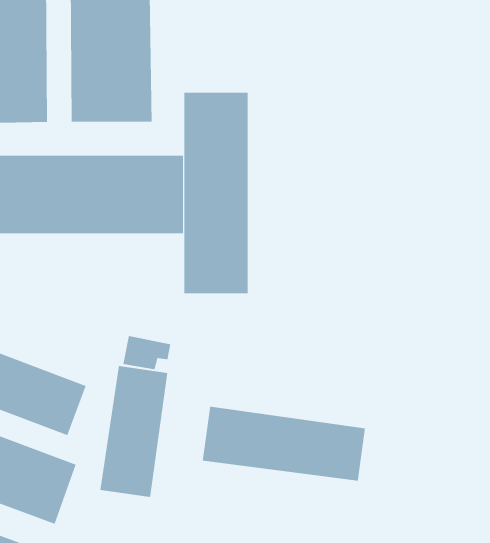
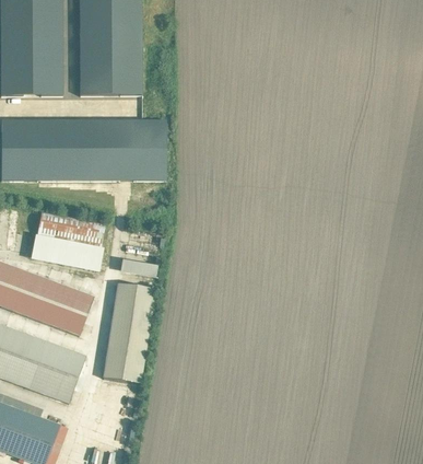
building: [184,92,248,294] -> none
building: none -> [34,211,106,270]
building: [202,406,366,482] -> none

